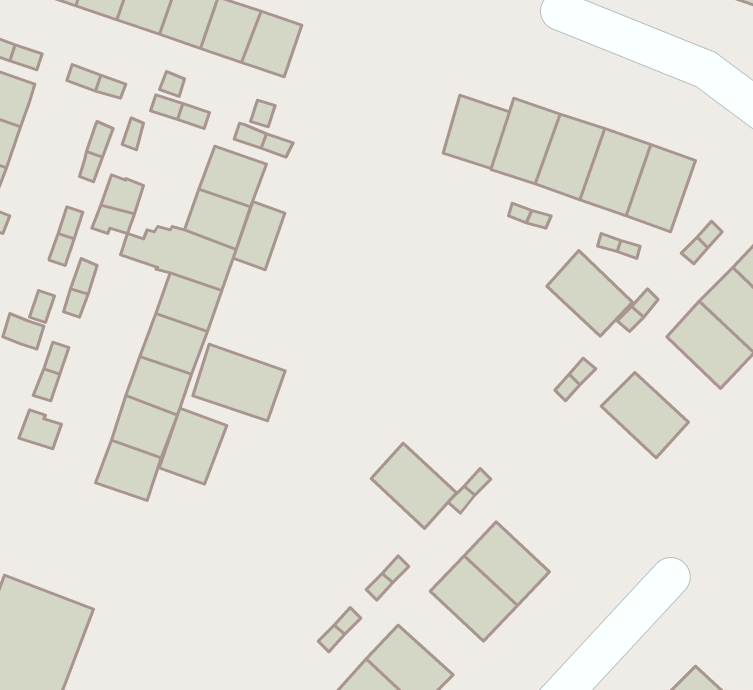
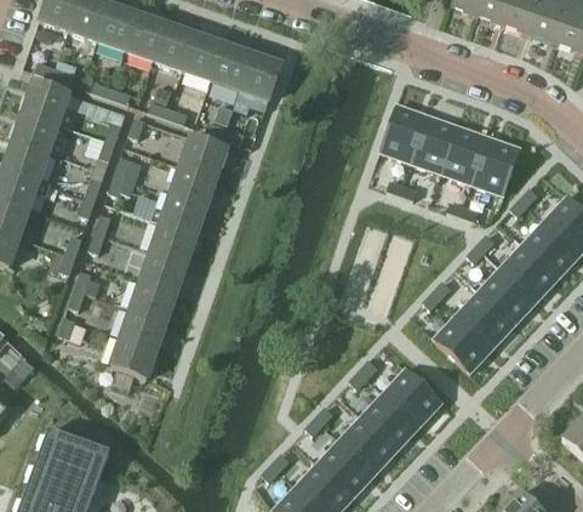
building: none -> [239,55,281,101]
building: [443,95,510,169] -> none
building: [233,201,285,270] -> none
building: [547,251,632,336] -> [478,267,536,325]
building: [193,344,285,421] -> none
building: none -> [431,314,492,374]
building: [159,408,227,484] -> none
building: [371,443,456,528] -> [383,369,441,427]
building: none -> [316,440,375,497]

